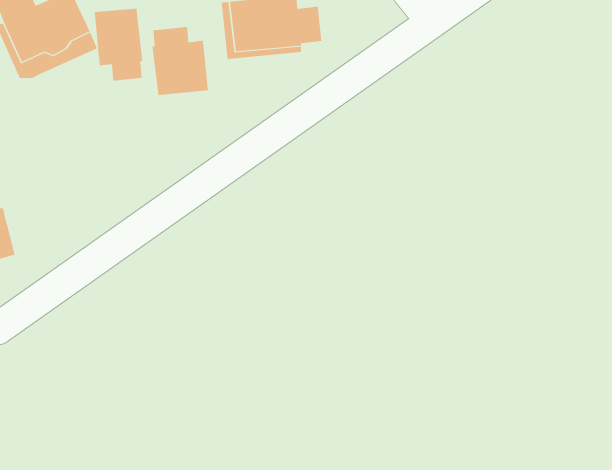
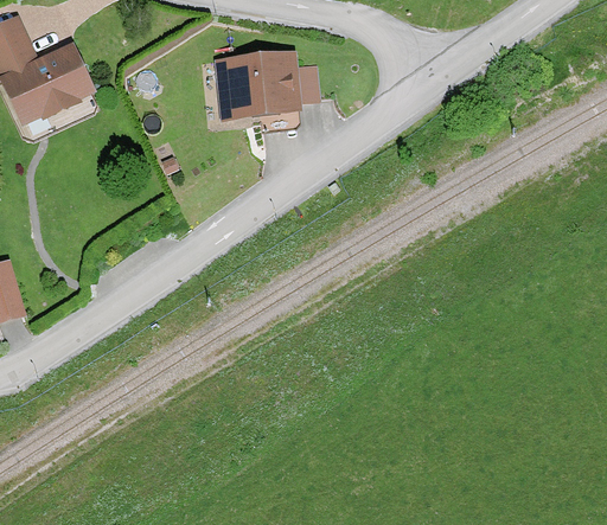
building: [94,8,143,82] -> none
building: [152,26,209,96] -> none

